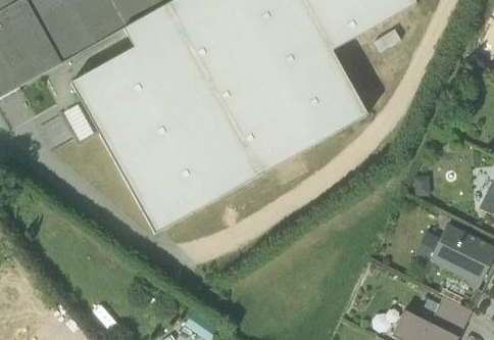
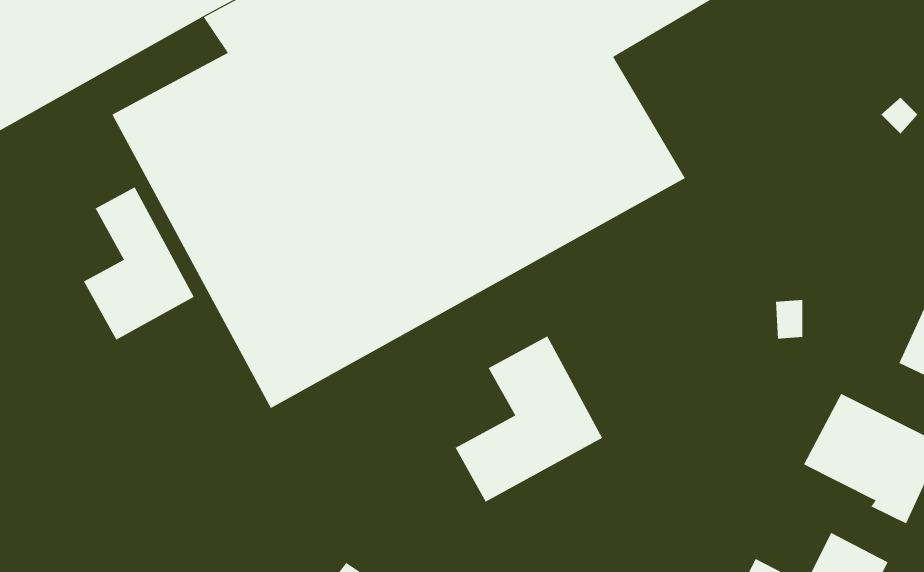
building: none -> [83,187,194,340]
building: none -> [455,336,603,503]

